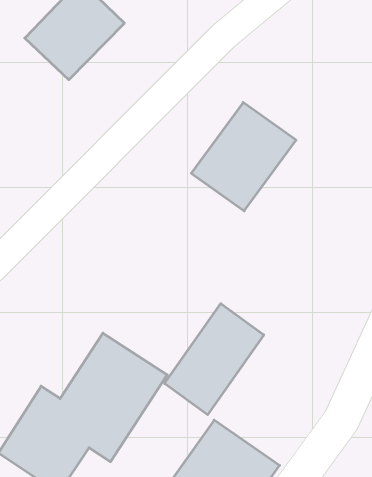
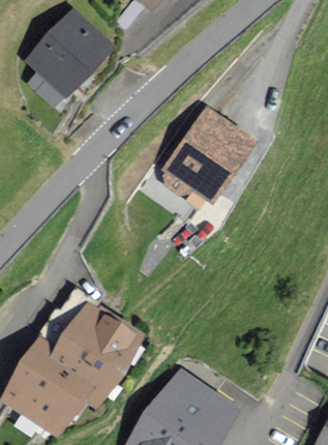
building: [165,304,264,415] -> none

